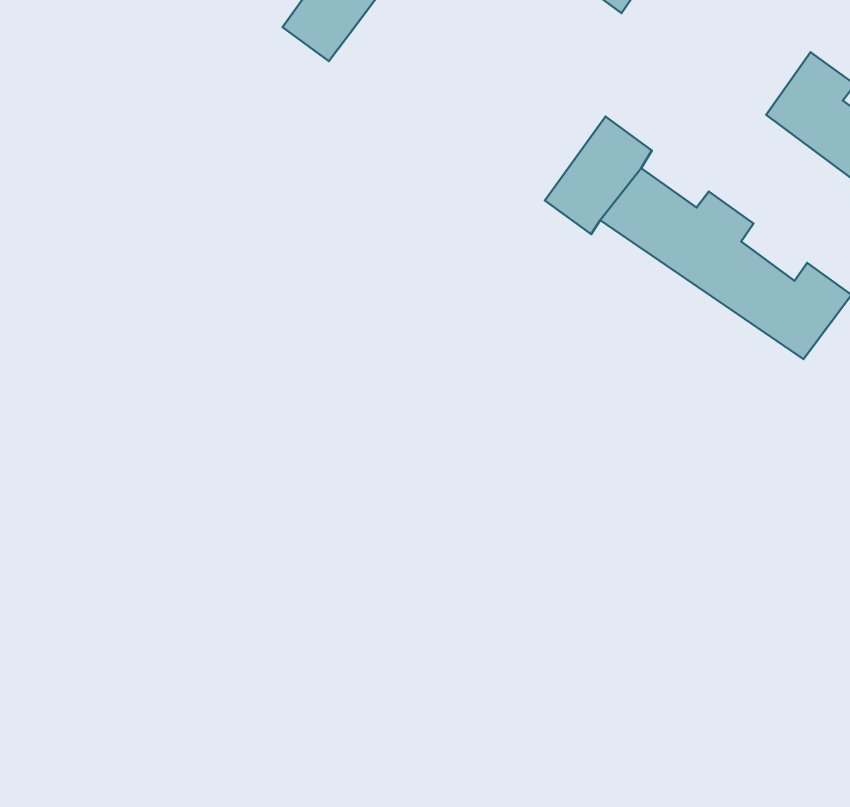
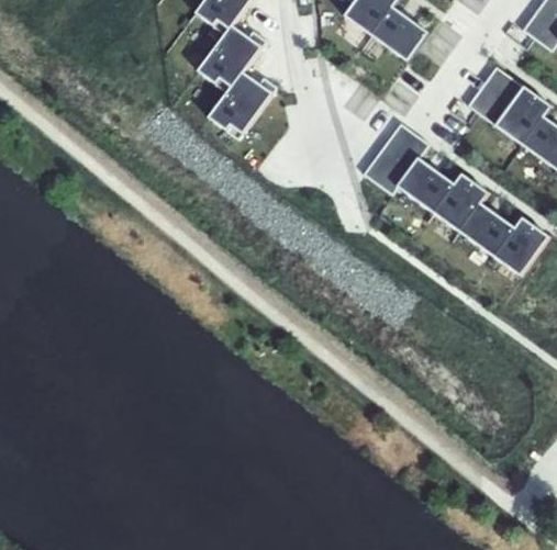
building: none -> [467,64,523,123]
building: none -> [208,68,277,136]

